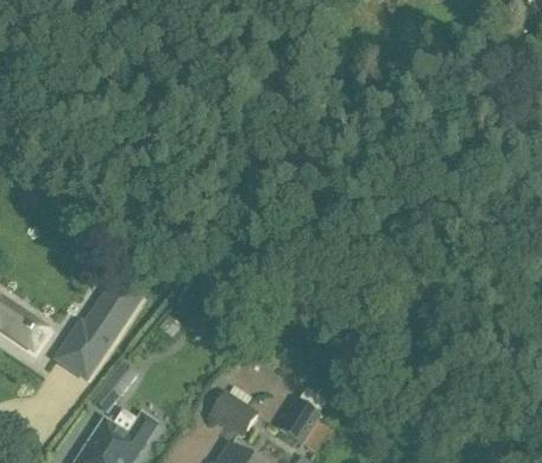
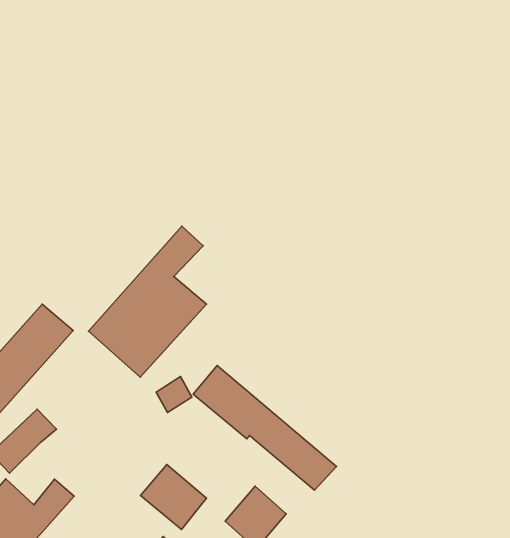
building: none -> [89,226,206,377]
building: none -> [193,366,337,490]

